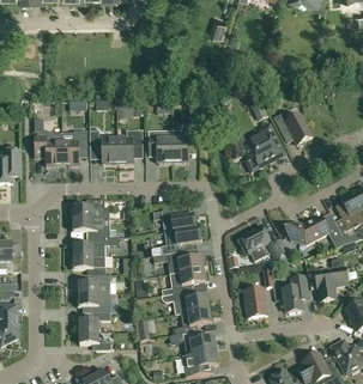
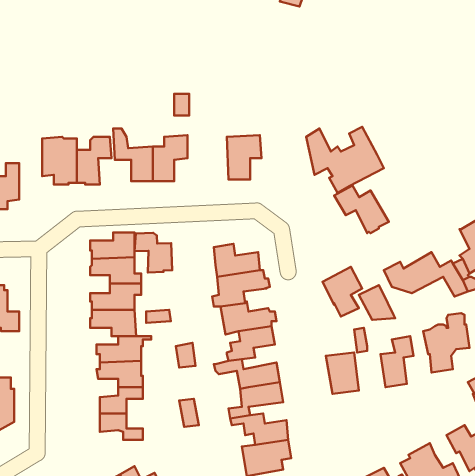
building: [273,111,313,146] -> [334,186,389,233]
building: [147,132,173,164] -> none
building: none -> [135,233,172,272]

